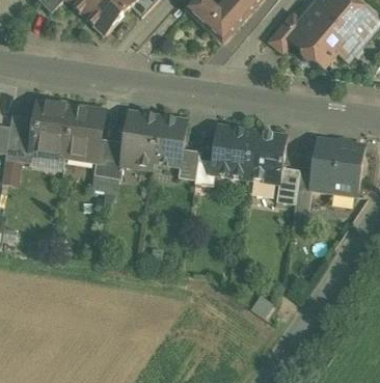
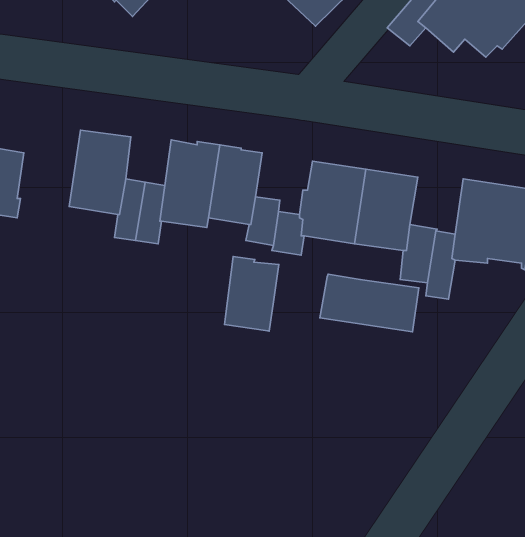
building: [30,100,71,155] -> none
building: none -> [225,256,279,331]
building: none -> [320,274,419,332]

